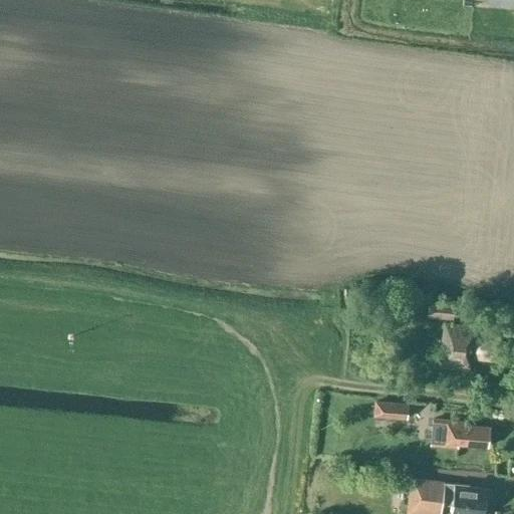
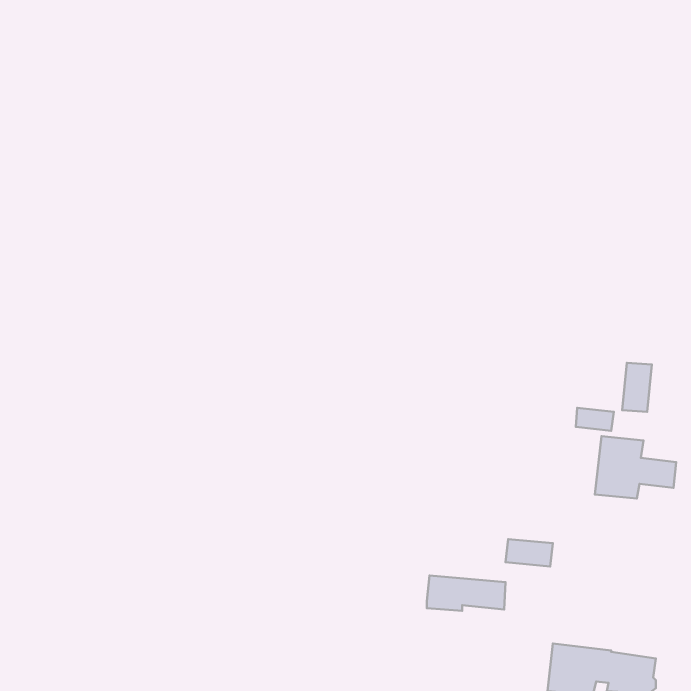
building: none -> [622,363,652,412]
building: [432,423,490,449] -> [427,576,505,611]

